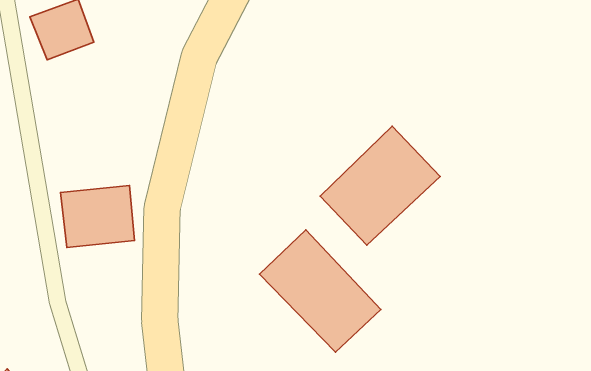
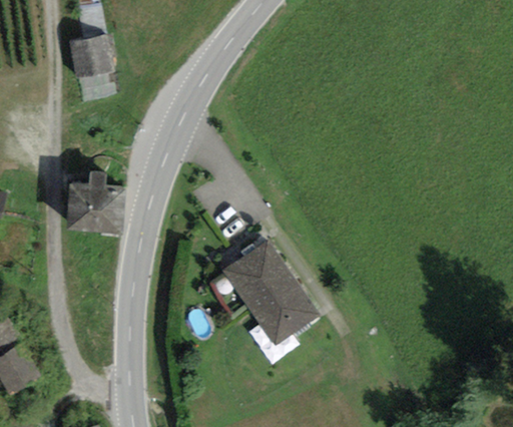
building: [320,126,440,245] -> none

